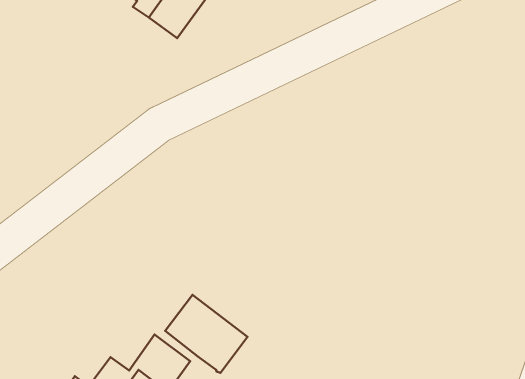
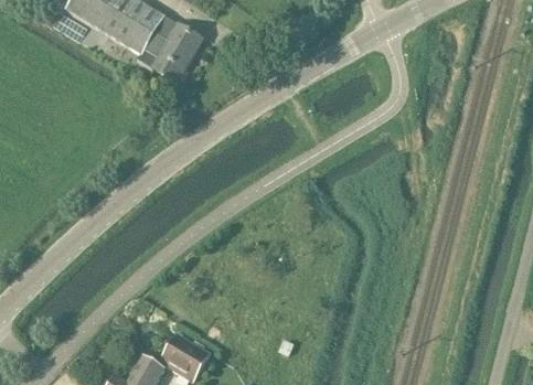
building: [165,295,248,373] -> none

